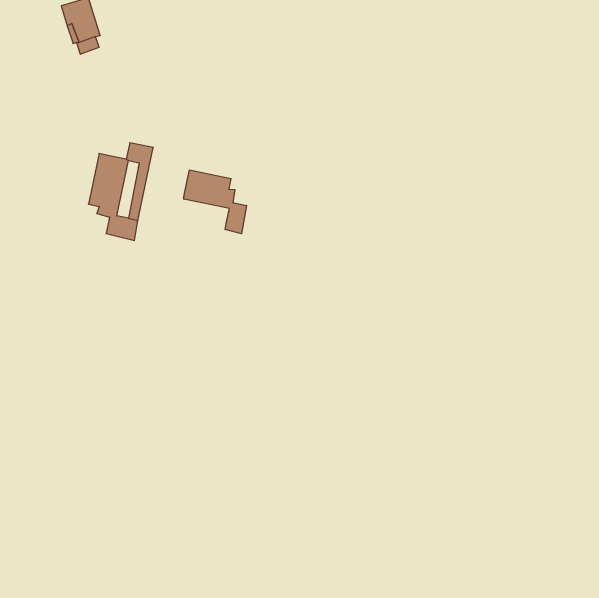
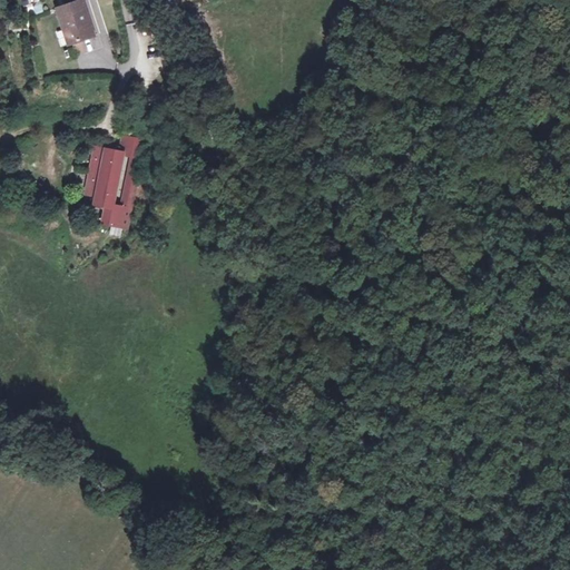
building: [184,170,246,234] -> none

